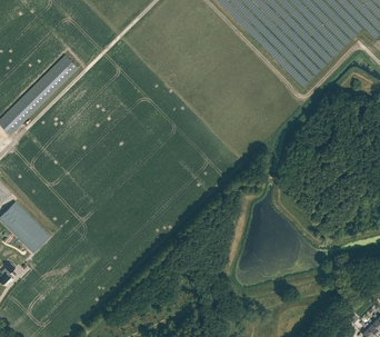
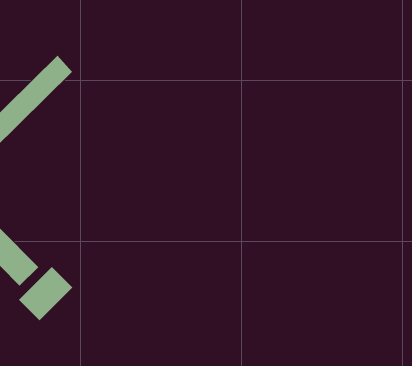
building: none -> [18,266,73,321]

